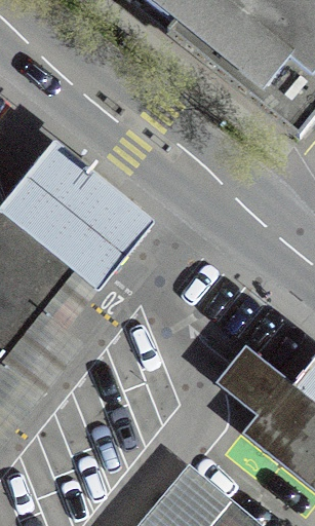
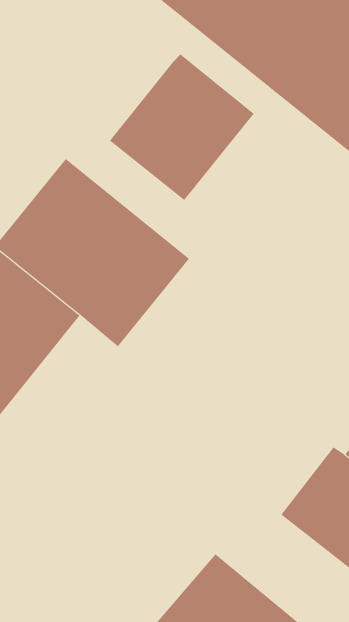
building: none -> [109,54,255,201]

